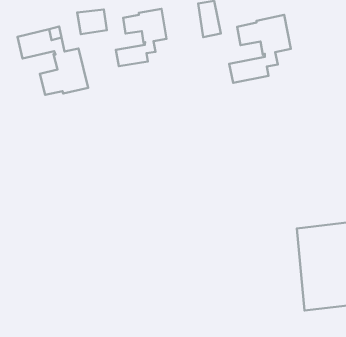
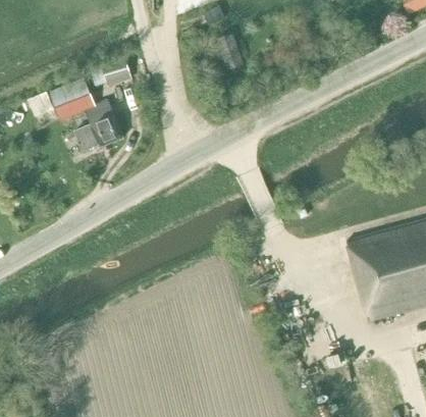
building: [116,9,166,66] -> none
building: [229,15,291,83] -> none

